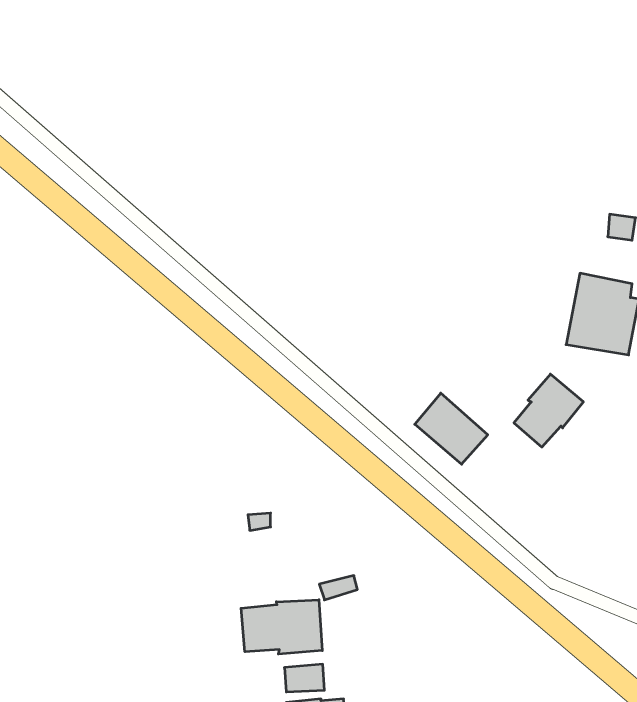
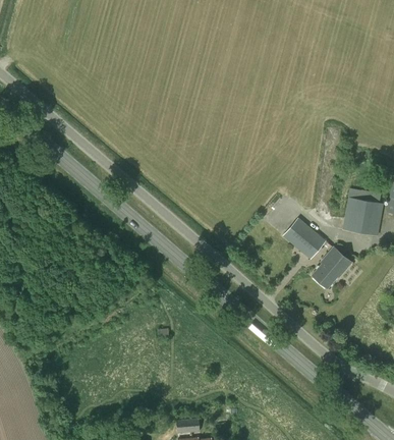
building: [415,393,488,464] -> [283,217,326,259]
building: [241,600,322,654] -> none

